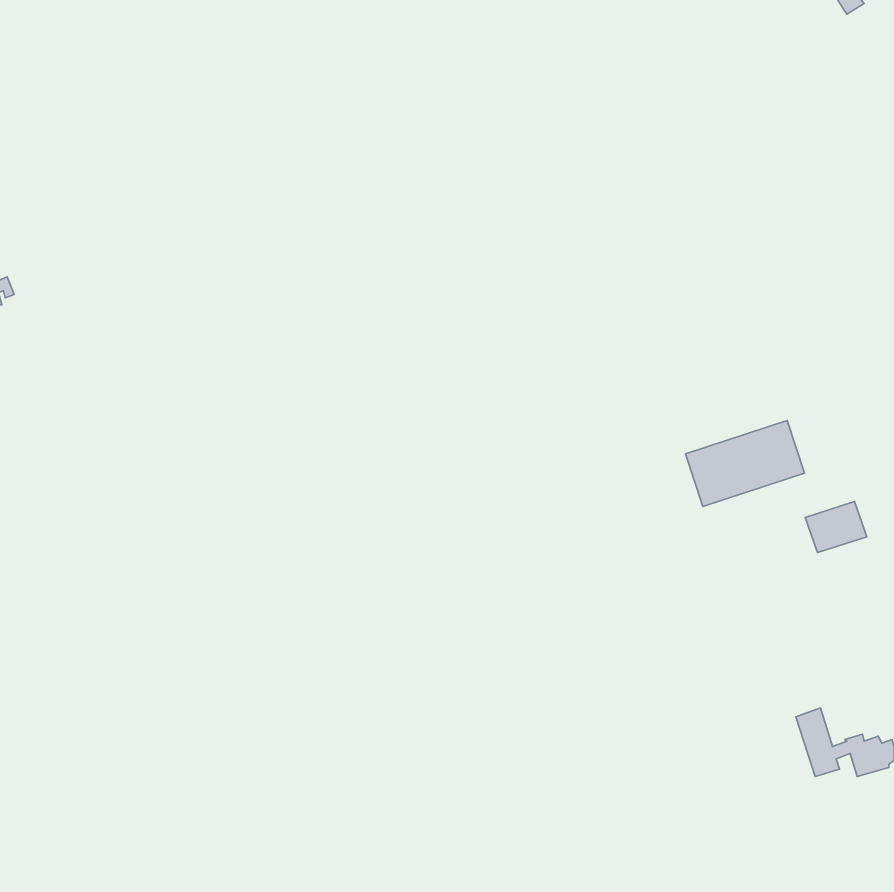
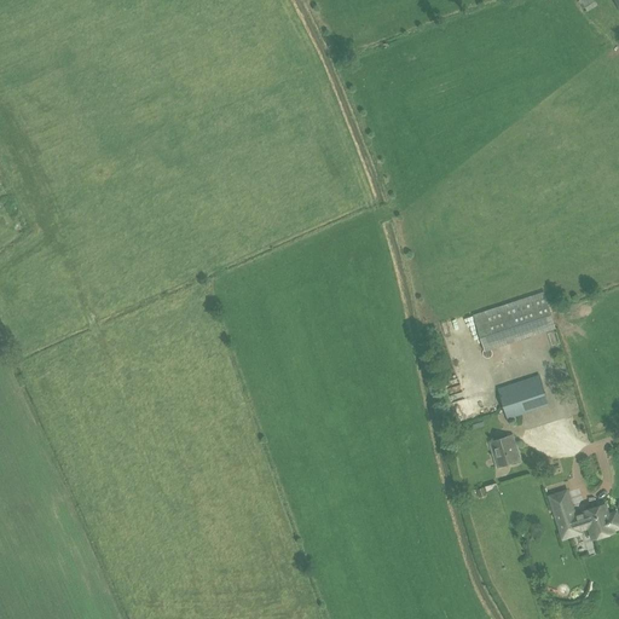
building: [805,502,867,552] -> [498,378,540,413]
building: none -> [488,433,520,465]

